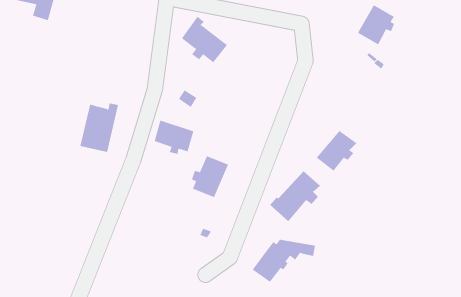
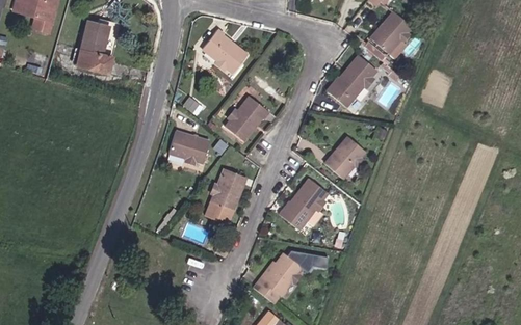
building: none -> [329,61,381,113]
building: none -> [218,91,266,140]
building: [79,103,119,152] -> [83,17,124,67]
building: none -> [252,264,280,306]

